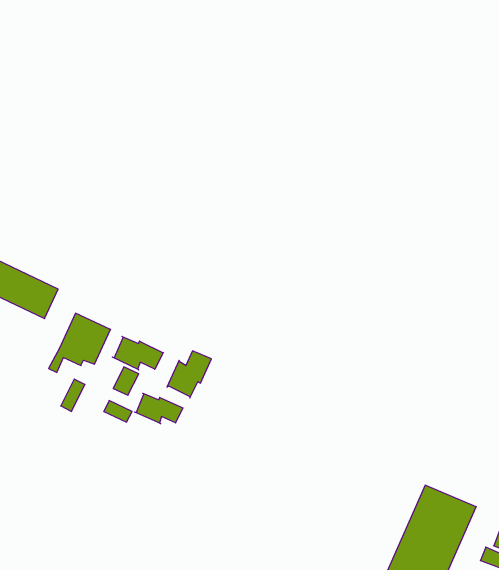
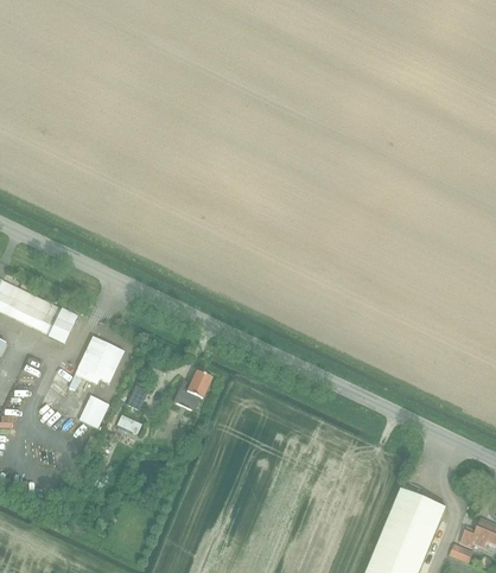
building: [112,336,163,370] -> none
building: [135,393,183,424] -> none

